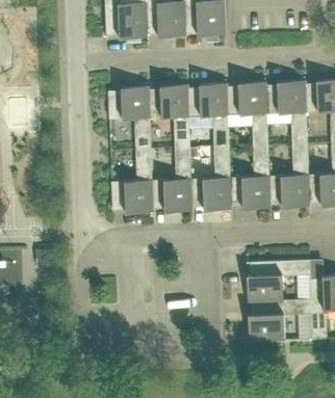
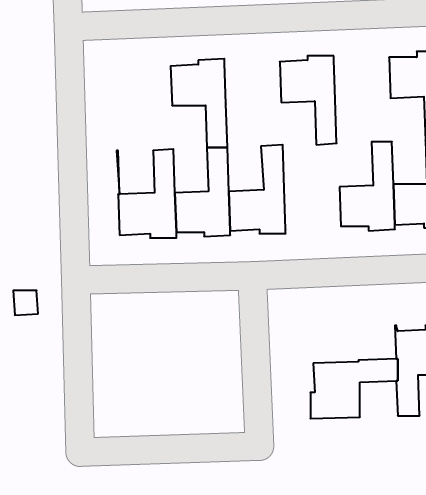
building: [265,80,307,143] -> none
building: [187,83,229,147] -> none
building: [108,86,151,150] -> none
building: [230,144,270,208] -> none
building: [247,260,310,302] -> none

